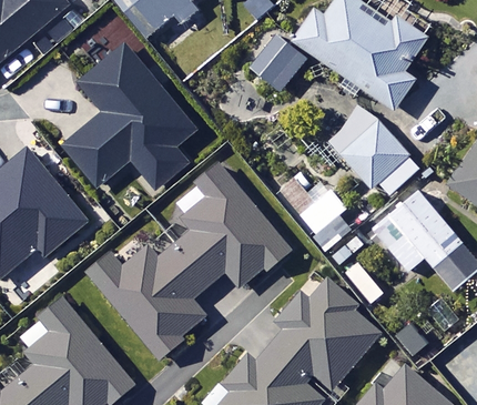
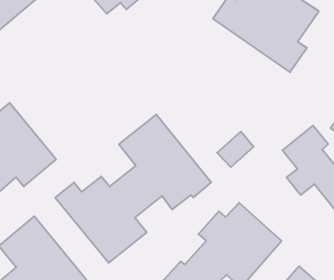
building: [247,32,305,90] -> none
building: [64,42,196,188] -> none
building: [327,105,419,194] -> none

